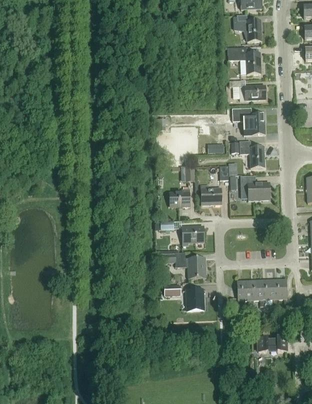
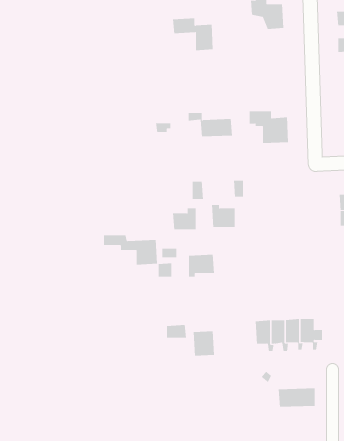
building: [227,47,261,74] -> [172,18,214,51]
building: [229,80,266,100] -> [188,113,233,137]
building: [239,140,265,168] -> none
building: [241,175,270,200] -> none
building: [161,253,206,278] -> [103,235,158,265]

